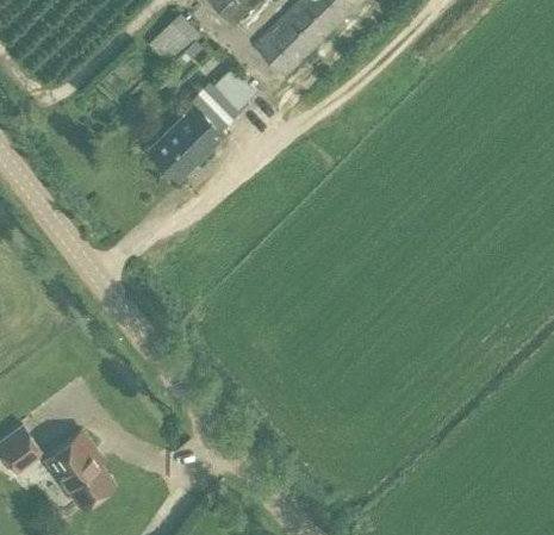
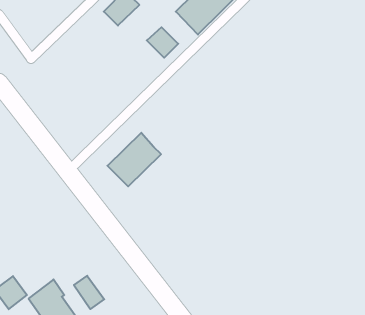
building: [149,102,226,180] -> [107,133,161,186]
building: none -> [74,276,104,309]

